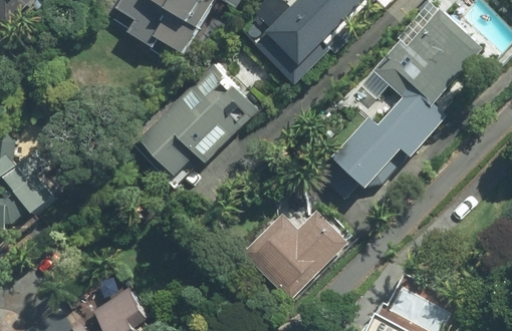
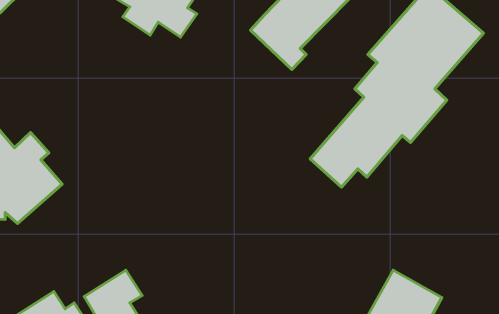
building: [131,59,263,196] -> none
building: [230,205,348,301] -> none

